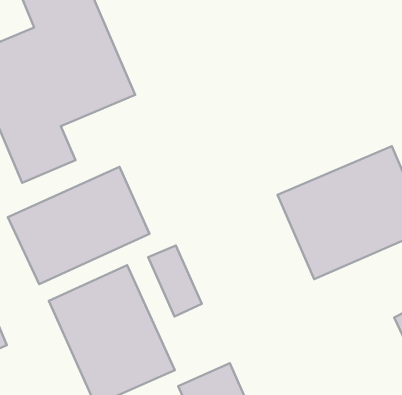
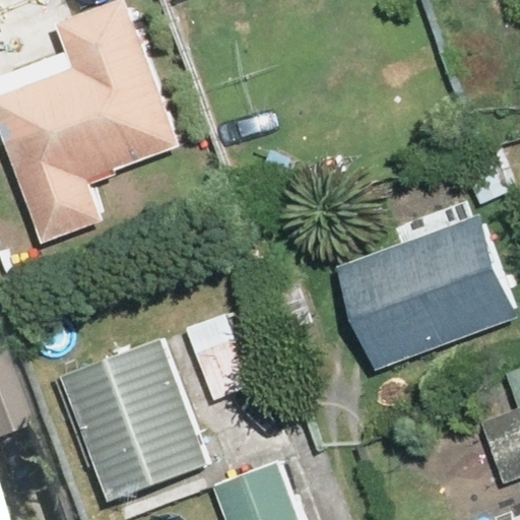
building: [8,167,149,284] -> none

